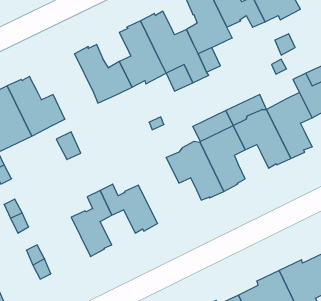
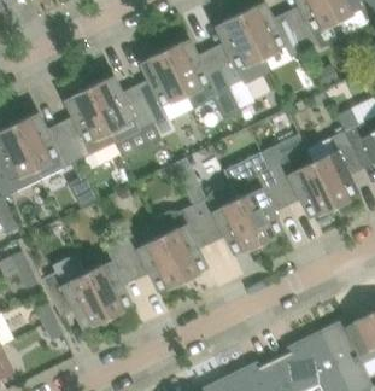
building: none -> [65,88,116,162]
building: none -> [153,205,207,280]
building: none -> [42,259,107,328]

